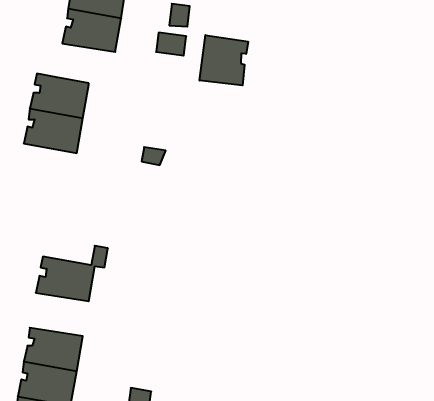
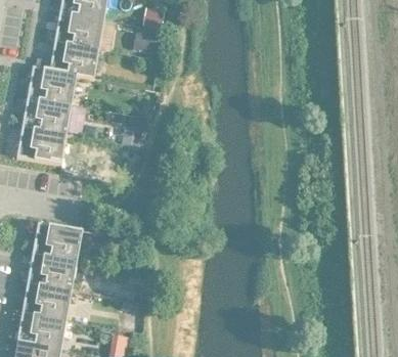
building: [200,35,248,85] -> none
building: none -> [49,39,99,77]
building: none -> [16,124,67,162]
building: none -> [27,251,77,287]

